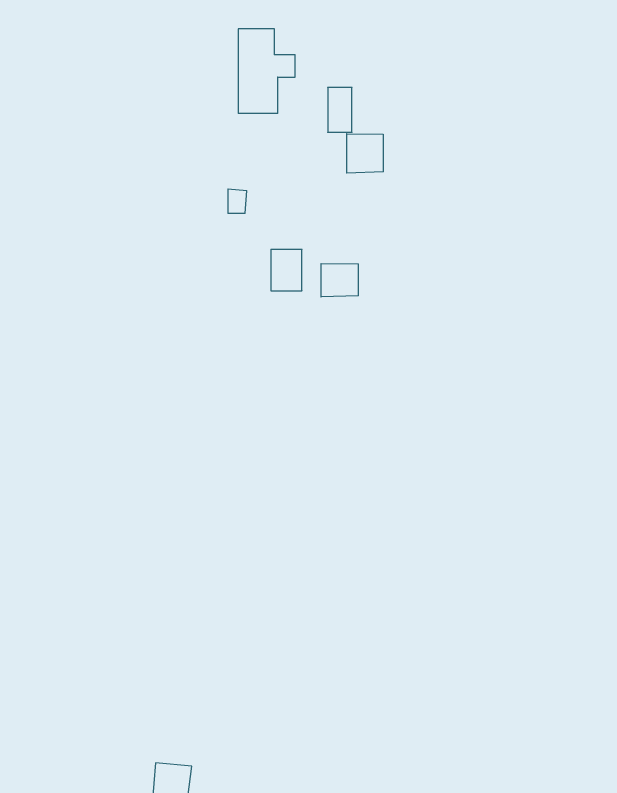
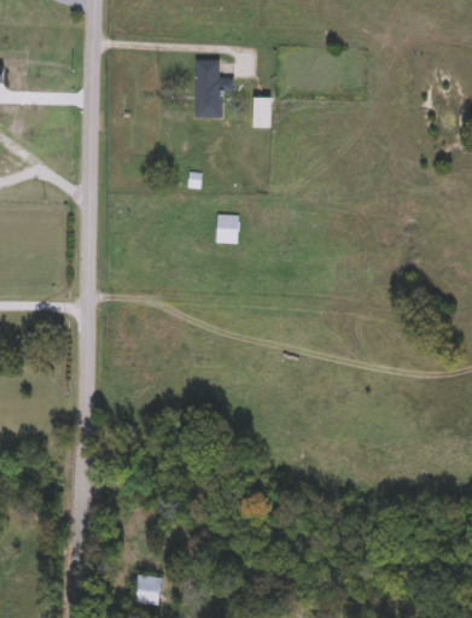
building: [347,134,383,173] -> none
building: [321,264,358,297] -> none

